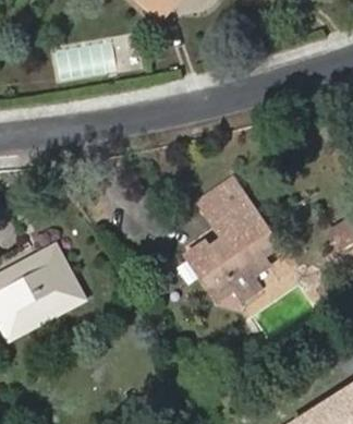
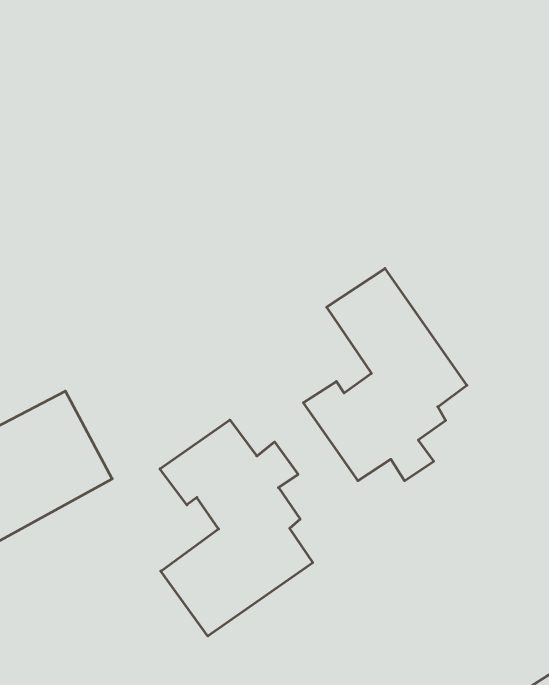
building: none -> [160,420,313,636]

